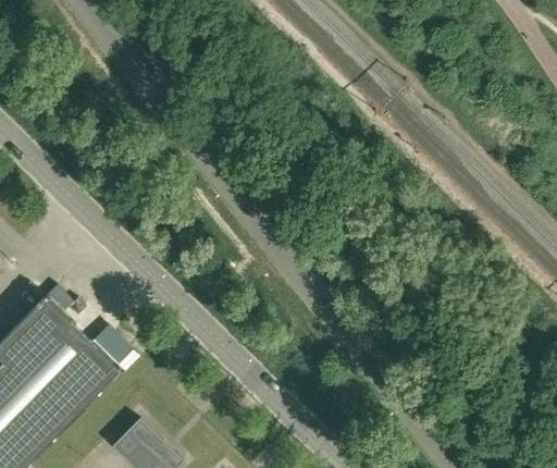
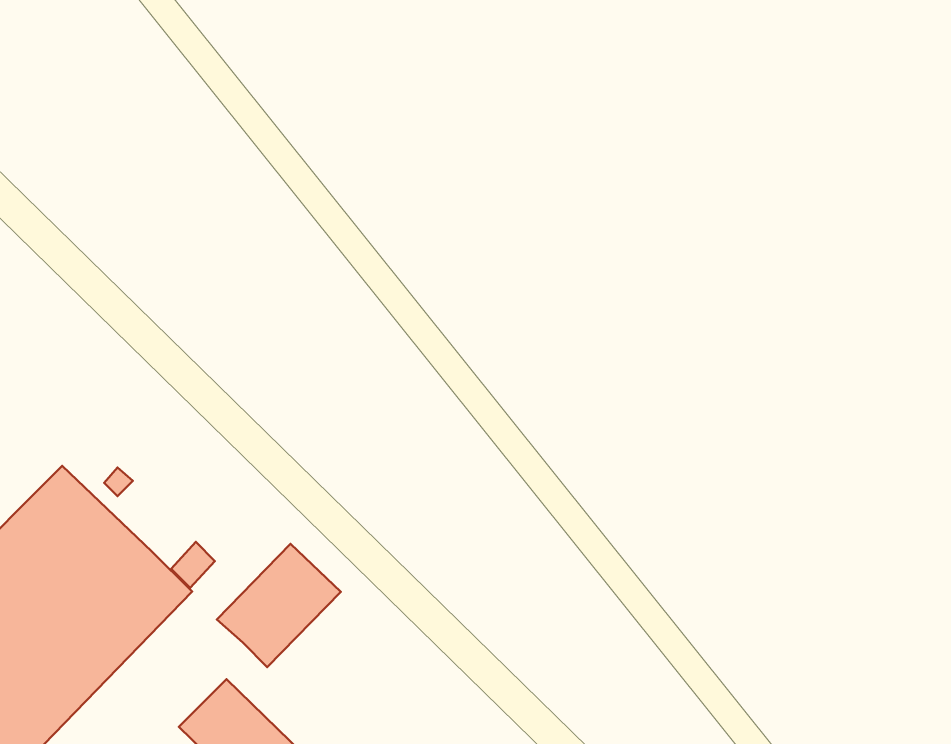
building: none -> [217,544,341,667]

